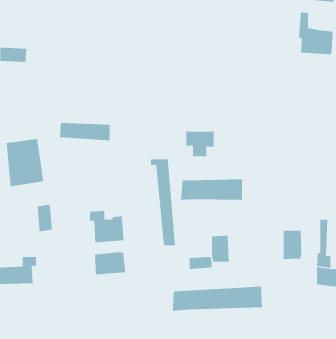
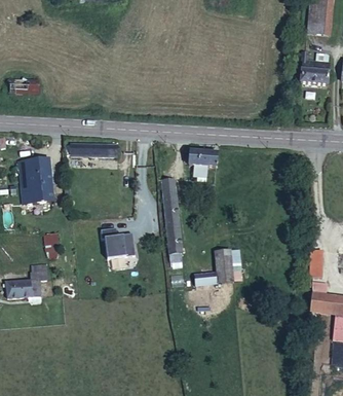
building: [181,178,243,200] -> none
building: [283,230,302,260] -> none
building: [95,252,126,275] -> none
building: [172,286,263,312] -> none

